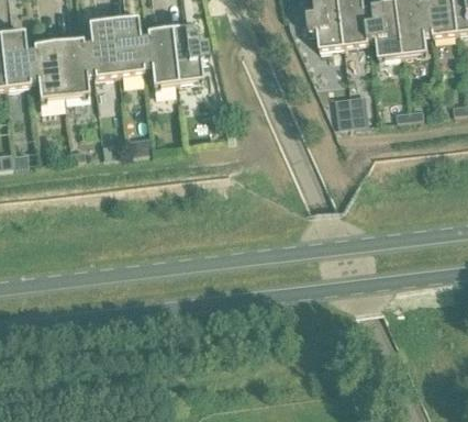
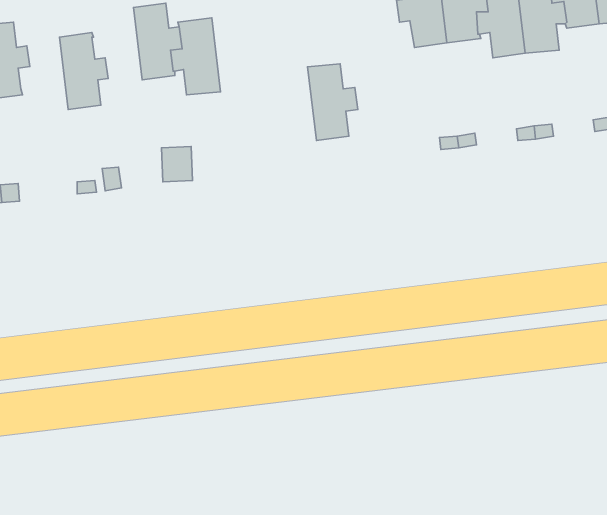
building: [81,19,119,76] -> none
building: [170,24,208,81] -> [308,64,358,141]
building: [26,41,64,98] -> none

